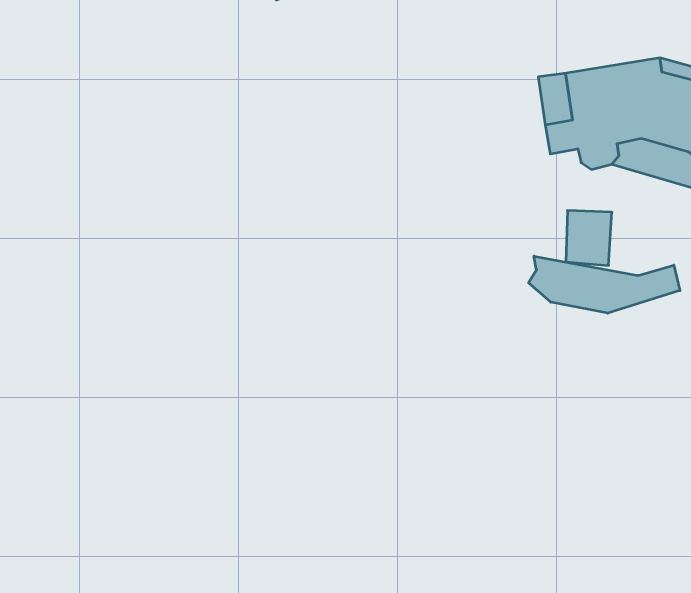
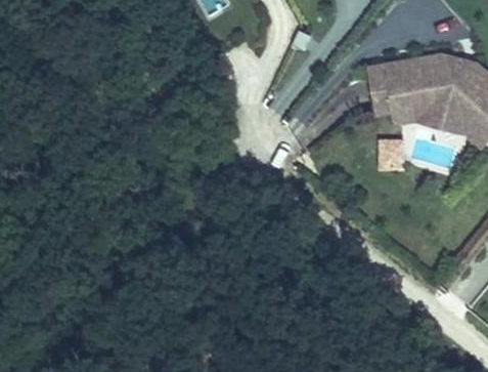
building: [529,256,680,313] -> none

